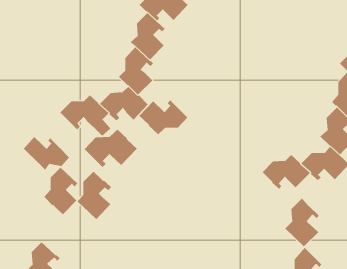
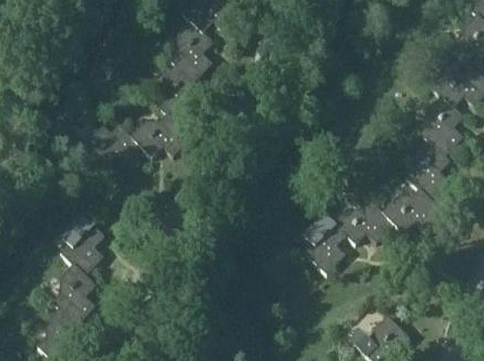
building: [138,99,188,135] -> none
building: [84,129,138,168] -> none
building: [23,136,70,171] -> none
building: [76,170,112,219] -> [52,262,97,323]
building: [284,197,319,247] -> [303,209,346,272]

